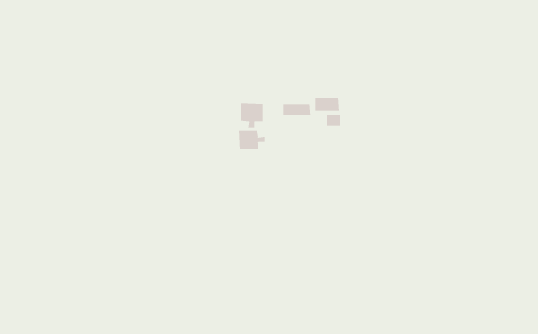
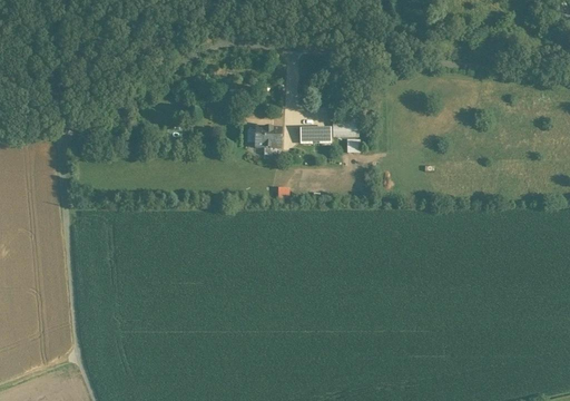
building: [238,130,265,150] -> none

